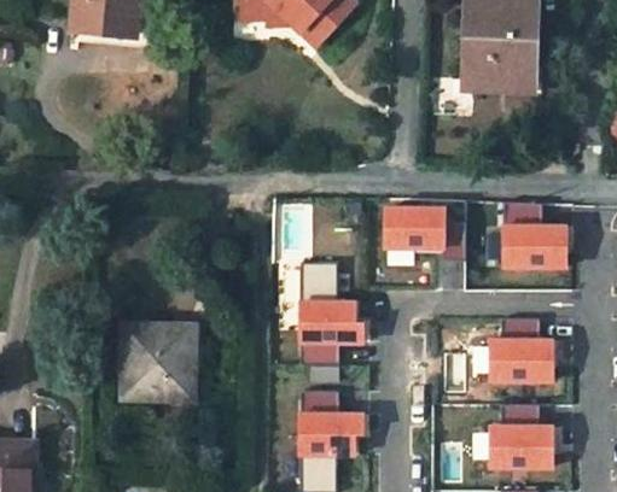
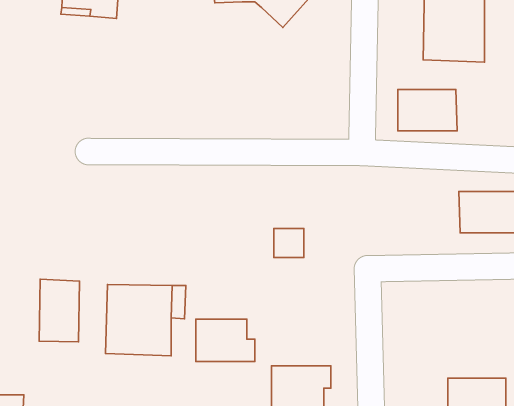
building: [383,205,447,250] -> [398,90,457,131]
building: [299,299,363,345] -> [196,319,255,362]
building: none -> [39,279,80,342]
building: [489,338,553,382] -> none

